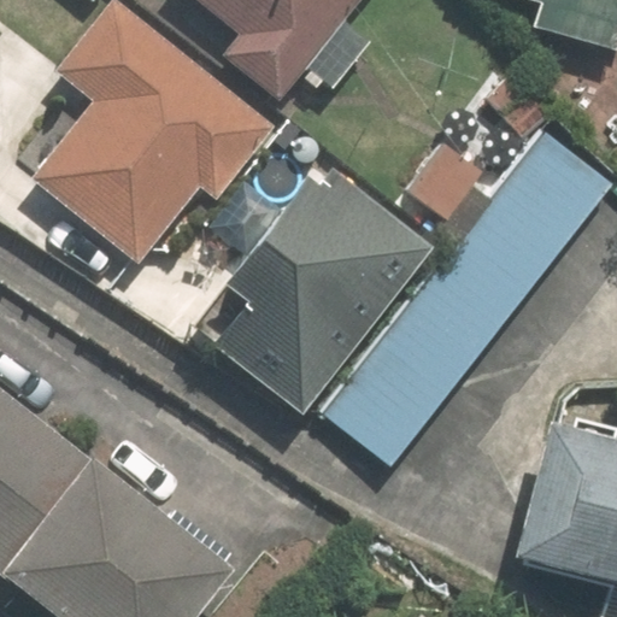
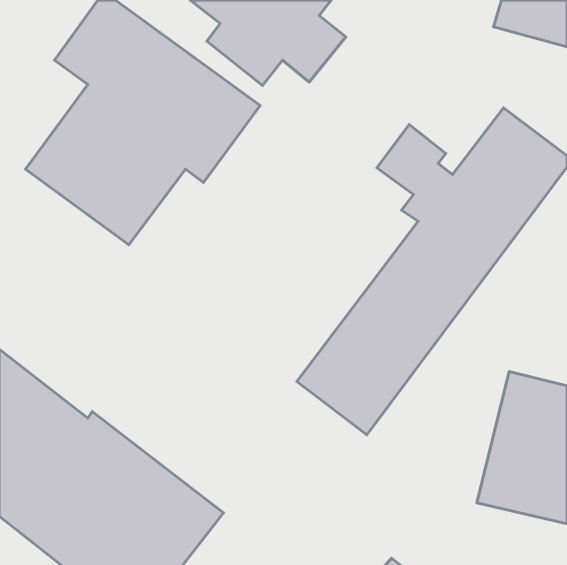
building: [163,154,401,400] -> none

